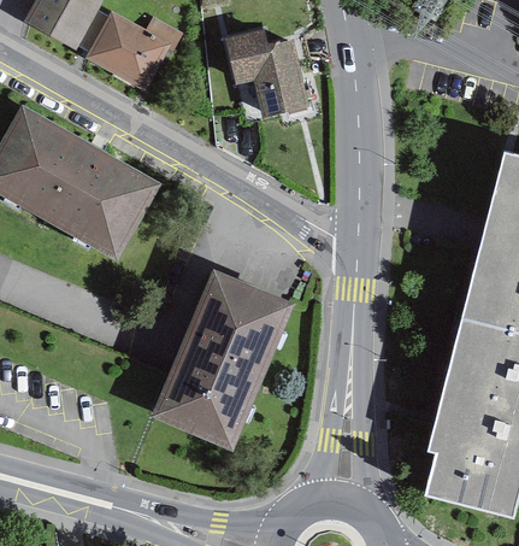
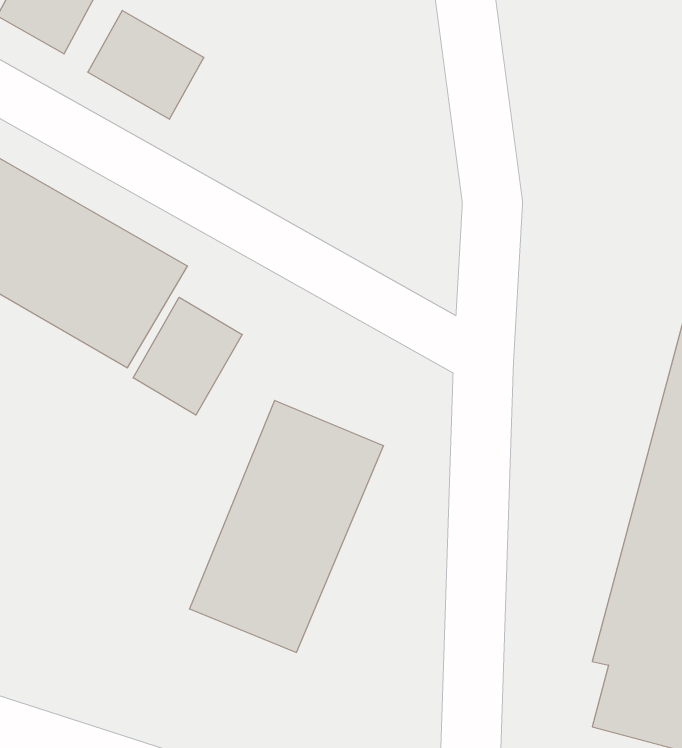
building: [230,33,308,118] -> none
building: none -> [133,297,242,415]

